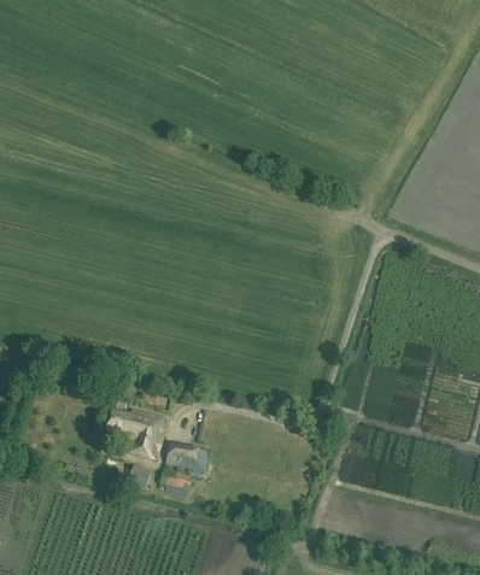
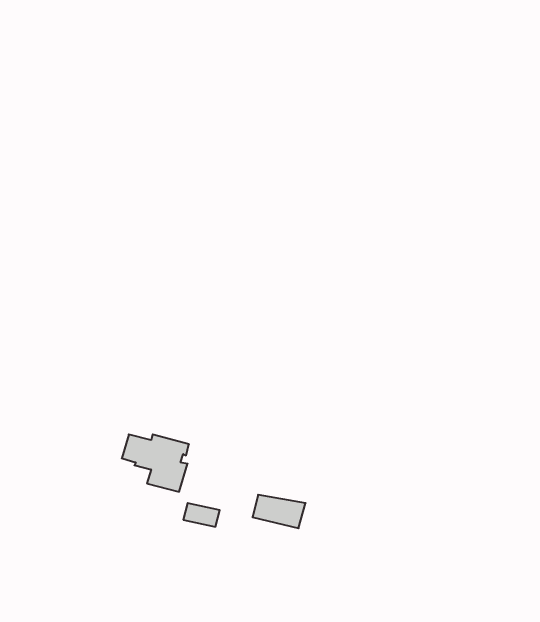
building: [166,444,212,473] -> [252,495,306,528]

